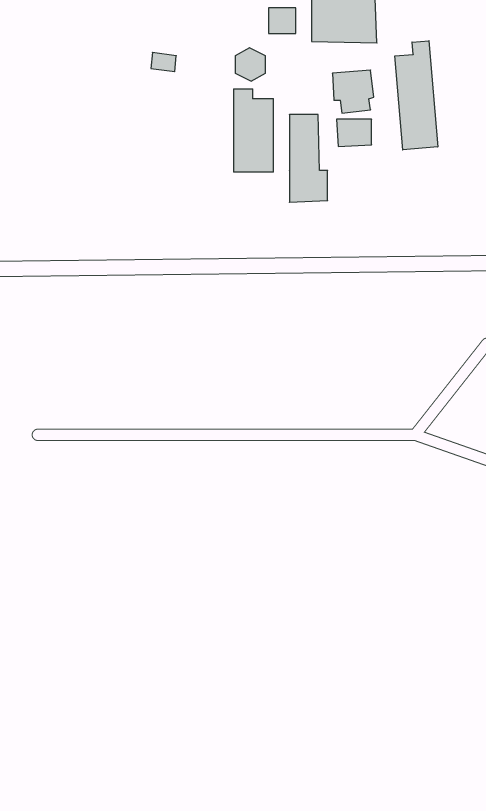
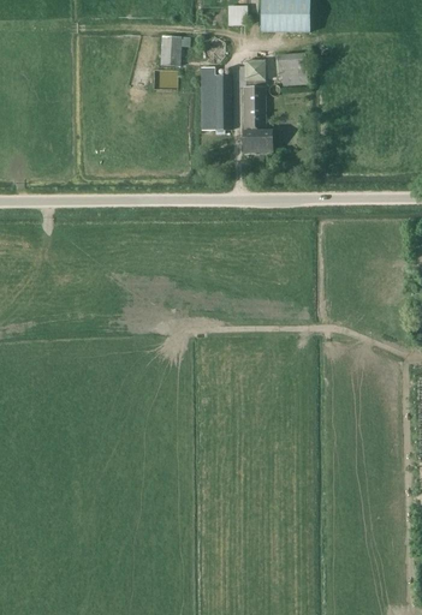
building: [395,41,438,150] -> none
building: none -> [161,36,191,66]
building: [337,119,372,146] -> [240,60,267,80]

